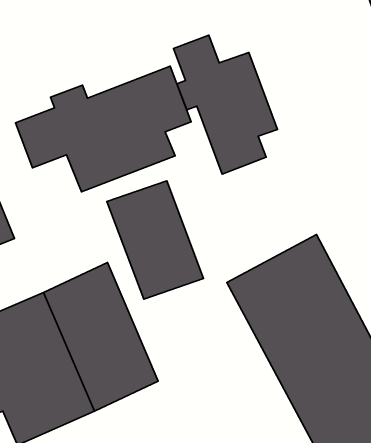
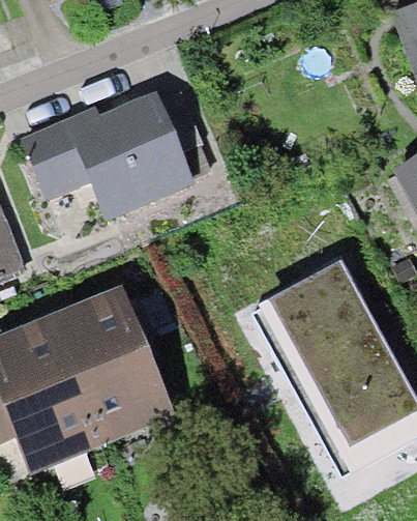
building: [174,35,277,174] -> none
building: [107,181,204,299] -> none

